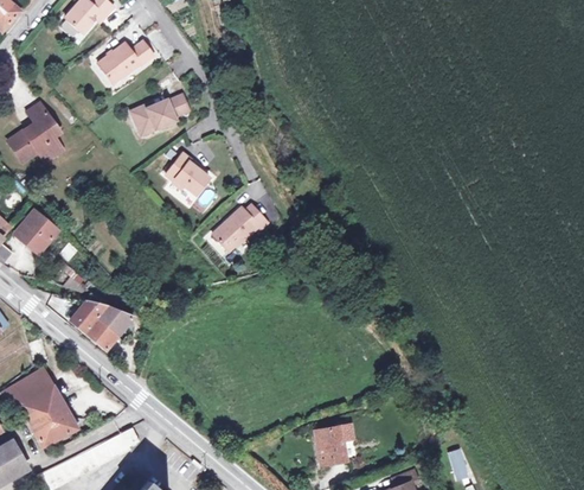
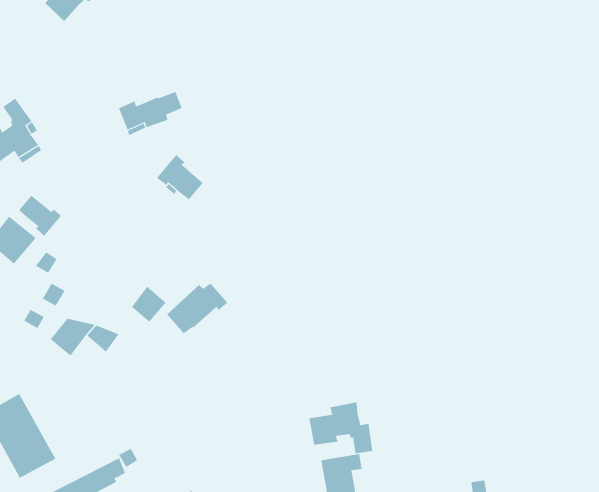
building: [98,40,154,83] -> none
building: none -> [19,195,62,236]
building: [212,205,268,252] -> [166,283,228,334]
building: [89,317,121,350] -> [131,286,167,322]
building: none -> [309,401,373,454]

